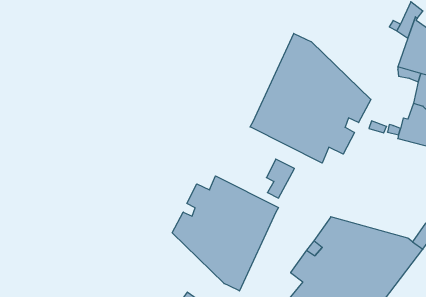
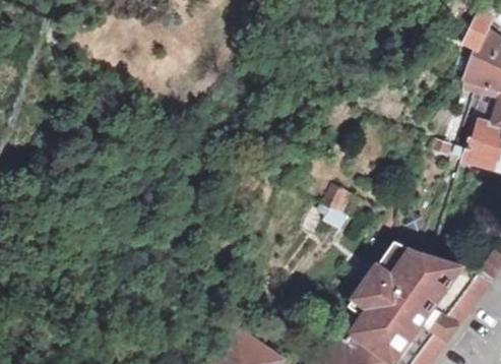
building: [250,33,371,163] -> none
building: [172,176,278,291] -> none

